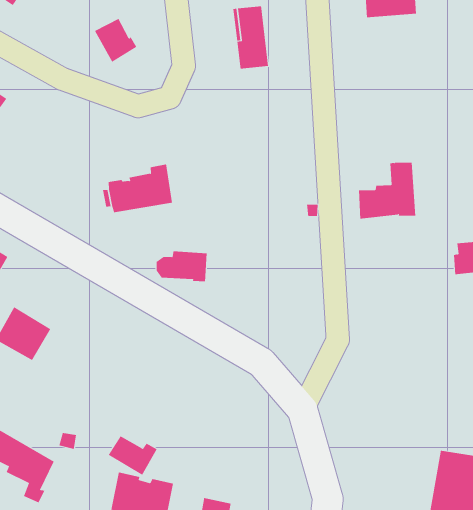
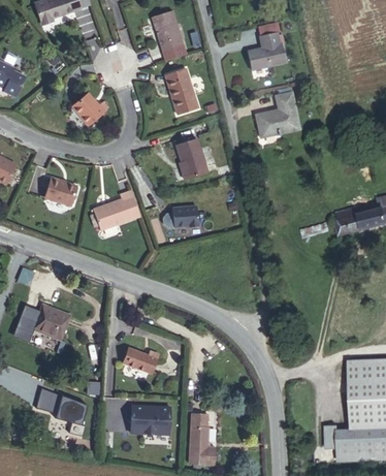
building: none -> [169,141,201,183]
building: none -> [45,178,77,204]
building: [358,162,416,219] -> [258,92,300,136]
building: [156,251,207,282] -> [163,205,199,227]
building: [108,436,157,476] -> [126,348,159,373]

